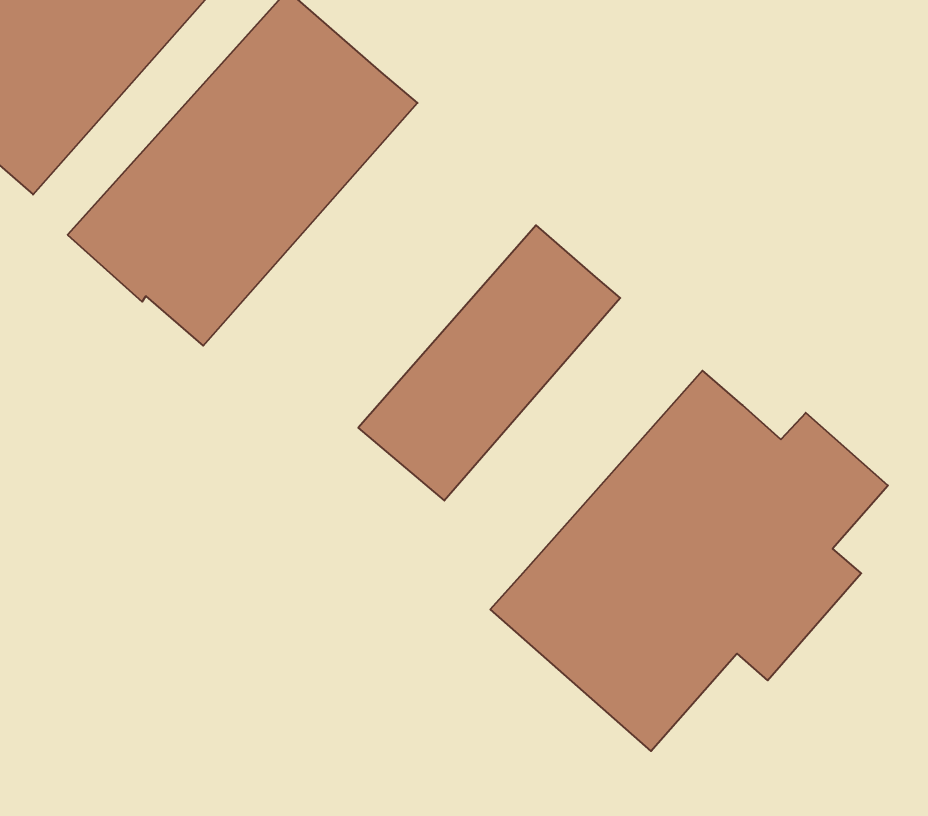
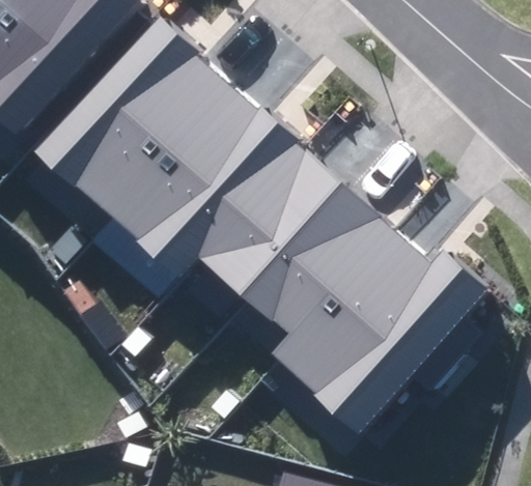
building: none -> [115,81,301,277]
building: none -> [246,187,386,336]

